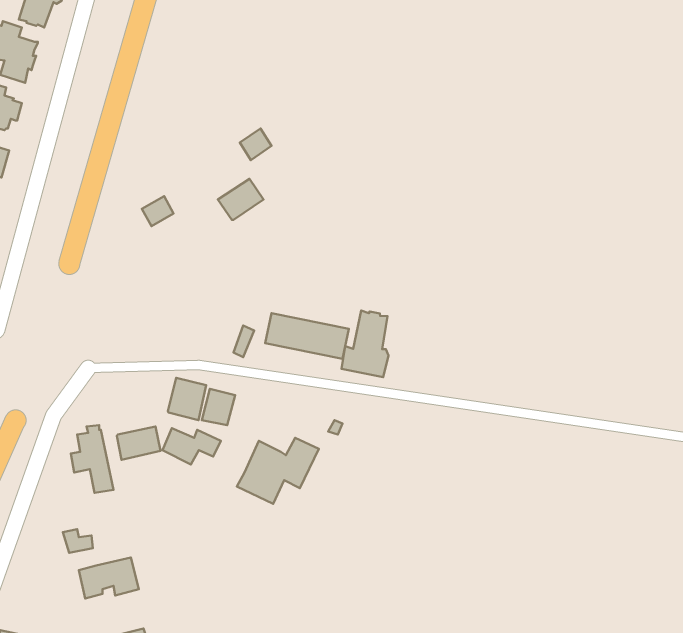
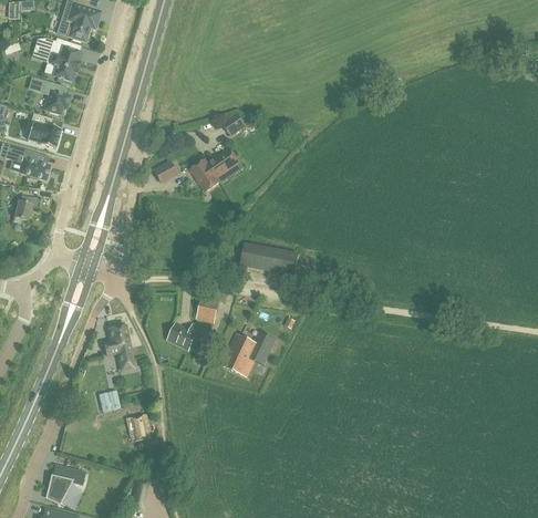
building: none -> [189,159,219,190]
building: [341,310,388,377] -> none
building: [168,378,206,420] -> none
building: [117,427,161,460] -> none

